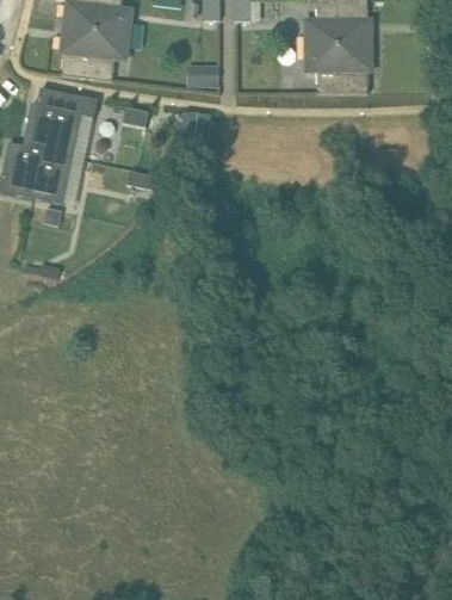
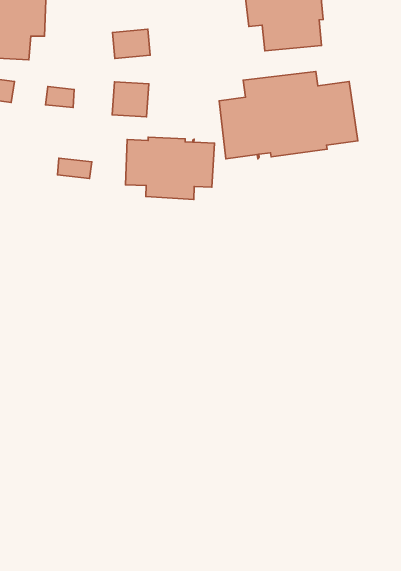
building: none -> [219,72,358,159]
building: none -> [125,137,215,199]

